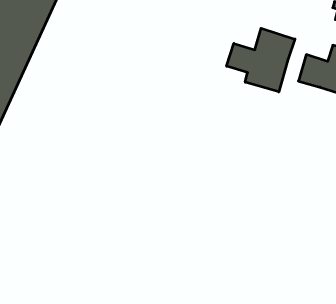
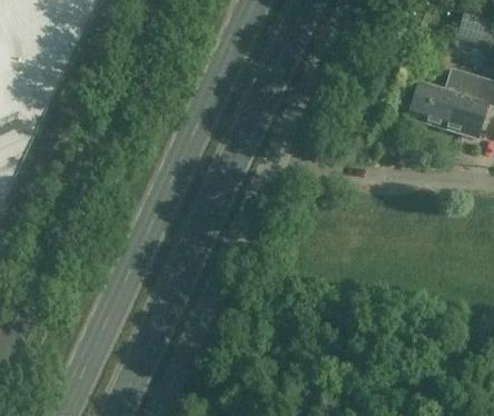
building: [227,28,295,92] -> none

